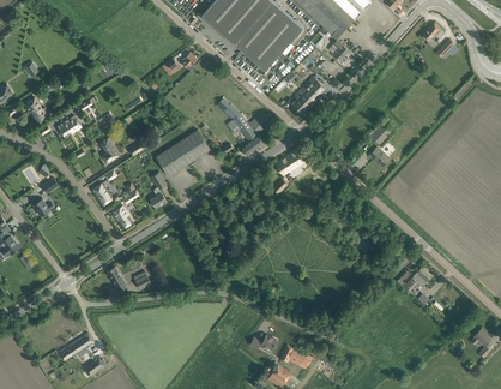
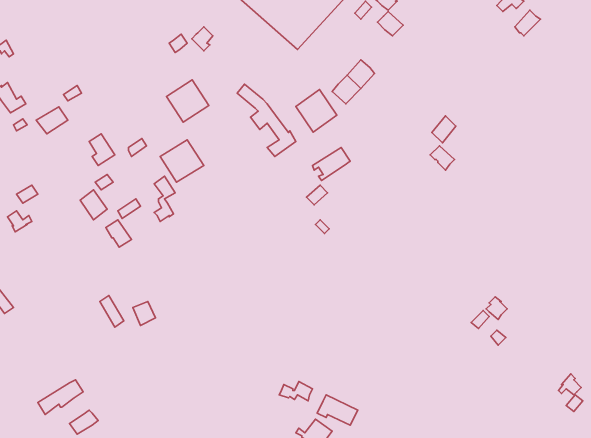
building: none -> [296,90,337,132]
building: [176,128,210,162] -> [167,80,209,122]

